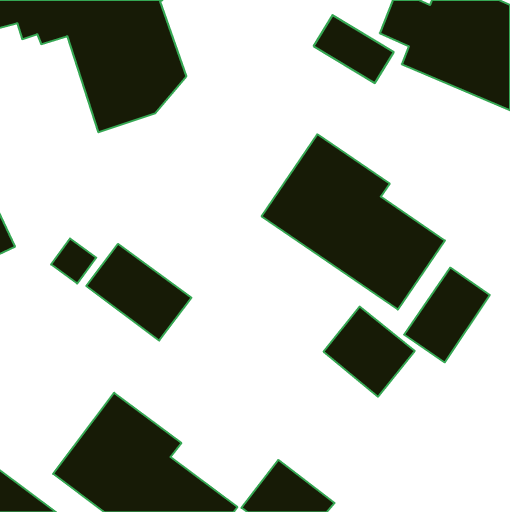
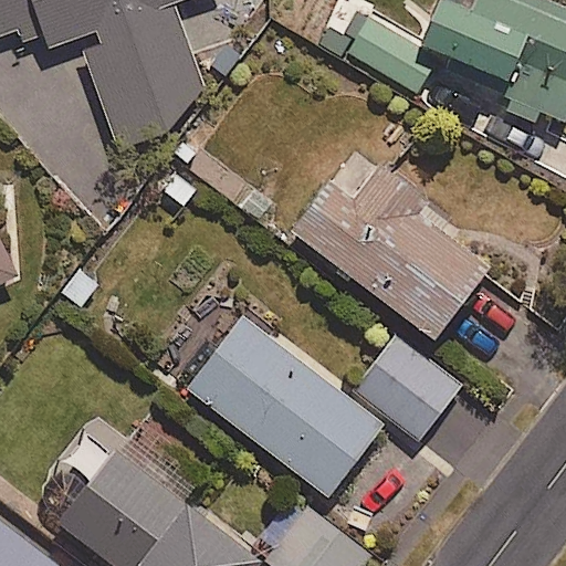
building: [86,244,191,341] -> none
building: [404,268,490,362] -> none
building: none -> [189,321,380,494]

